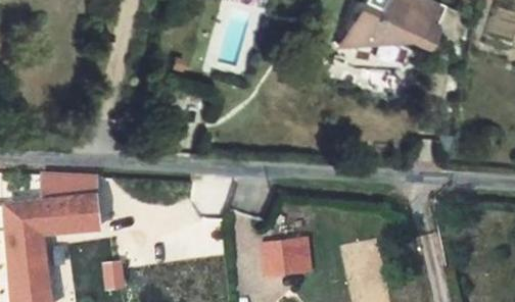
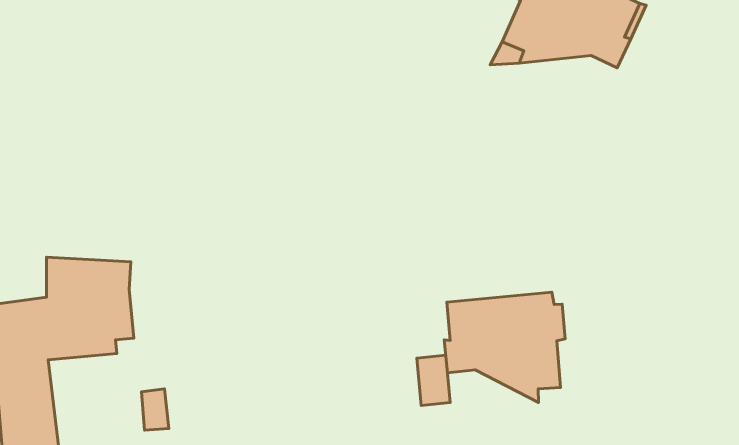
building: none -> [444,292,565,402]
building: [266,241,294,275] -> none

